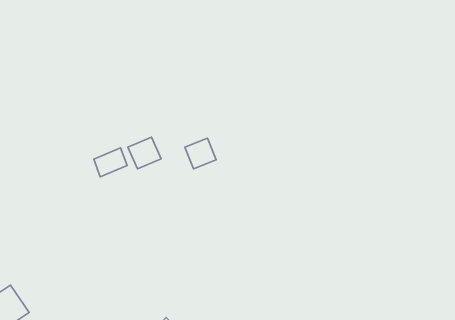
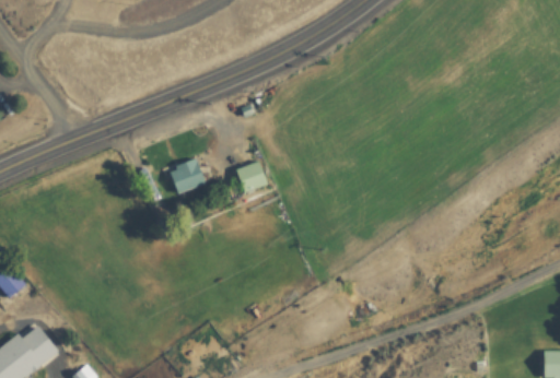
building: [94,148,127,177] -> none

